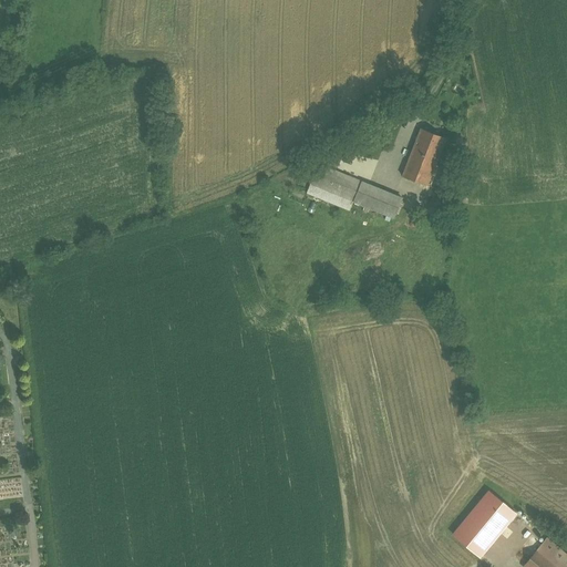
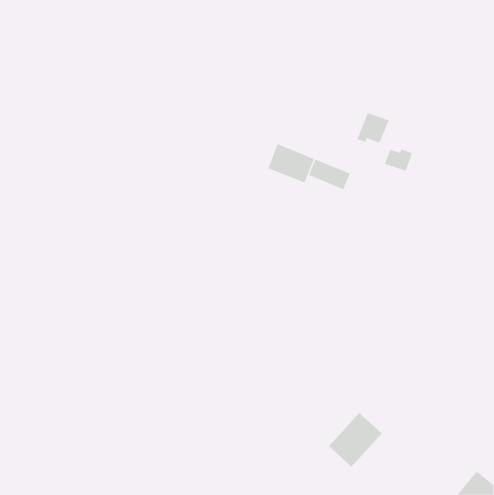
building: [401,158,434,185] -> [384,148,413,172]
building: [453,492,515,555] -> [328,412,382,467]

